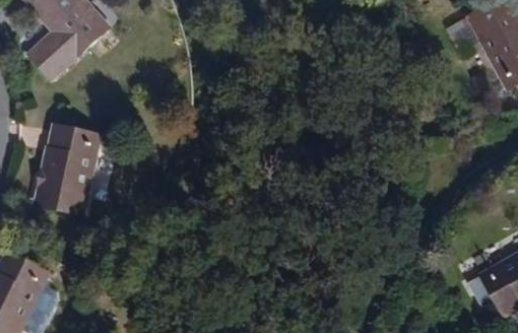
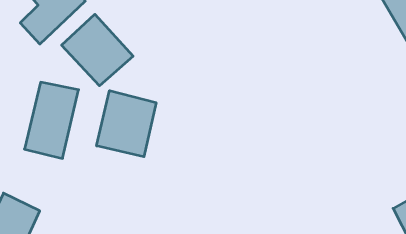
building: none -> [62,14,133,86]
building: none -> [97,91,156,157]

